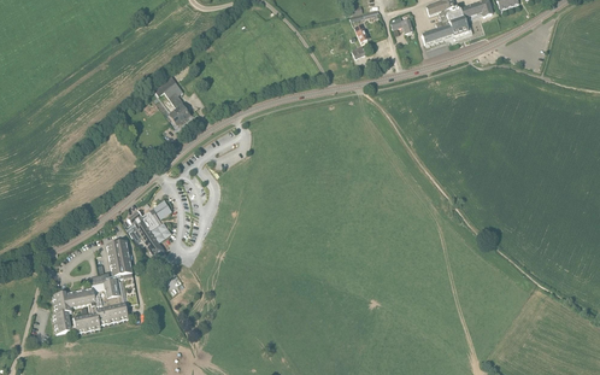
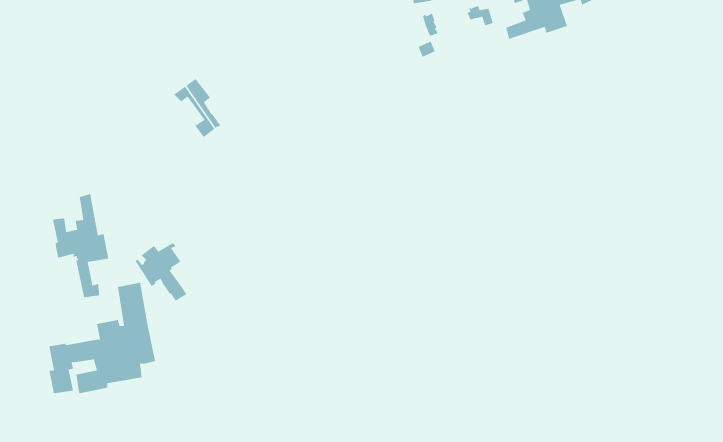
building: none -> [53,193,109,298]

